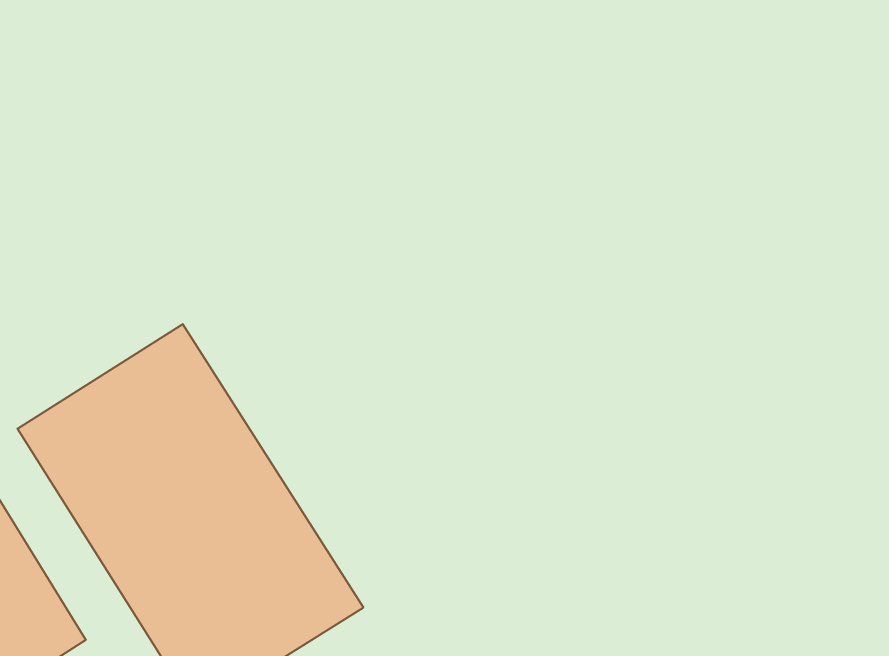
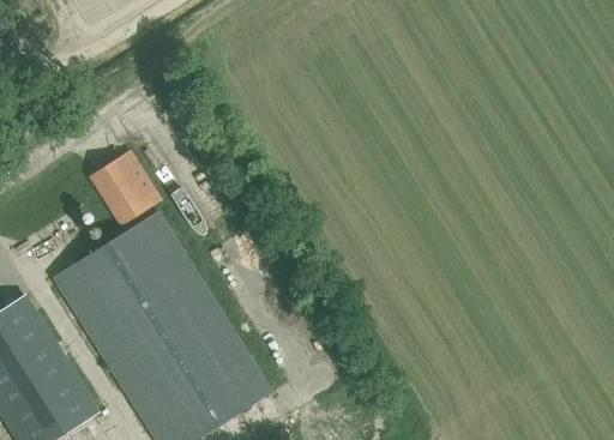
building: none -> [89,150,162,225]

